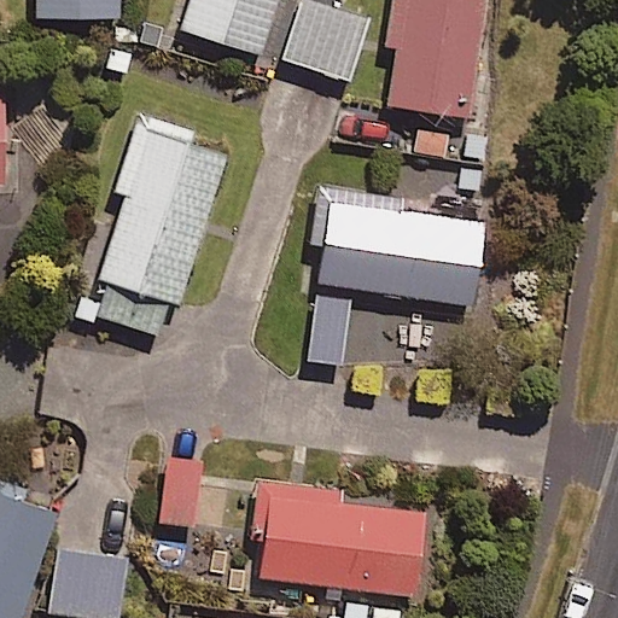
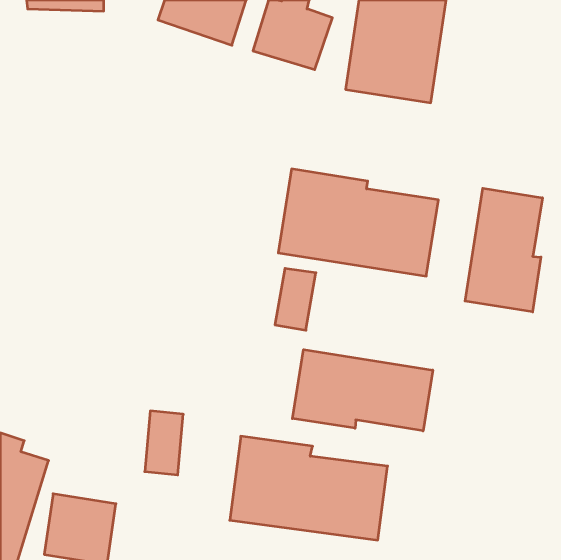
building: [88,126,223,336] -> none
building: none -> [465,188,542,312]
building: none -> [292,350,433,431]

